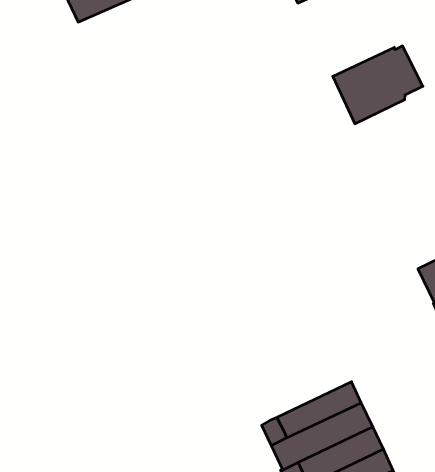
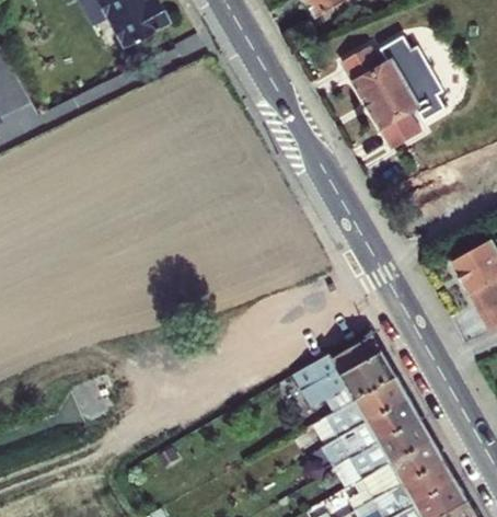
building: none -> [342,35,419,84]
building: none -> [380,87,446,149]
building: none -> [294,335,397,413]

